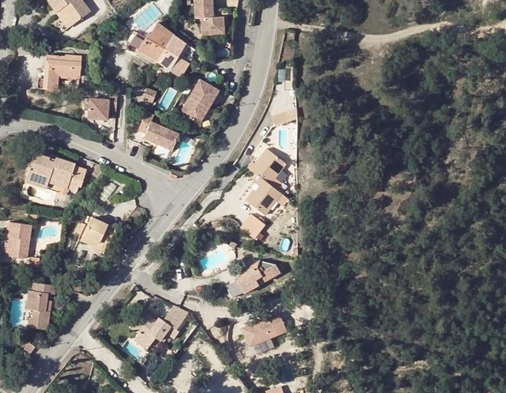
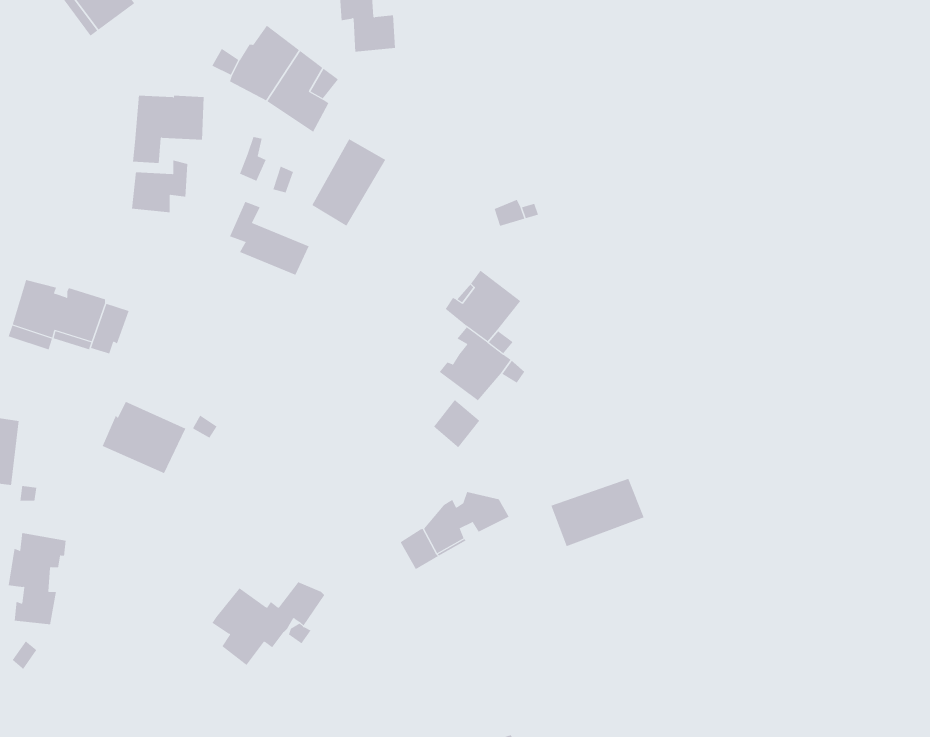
building: [44,55,81,90] -> [132,95,205,164]
building: [241,311,289,346] -> [550,478,644,547]

